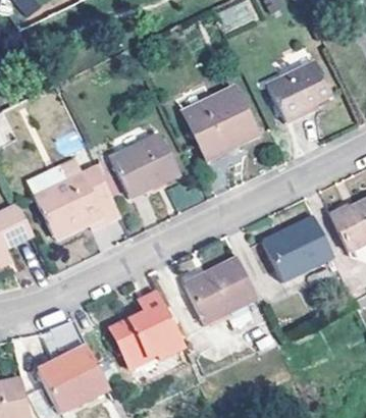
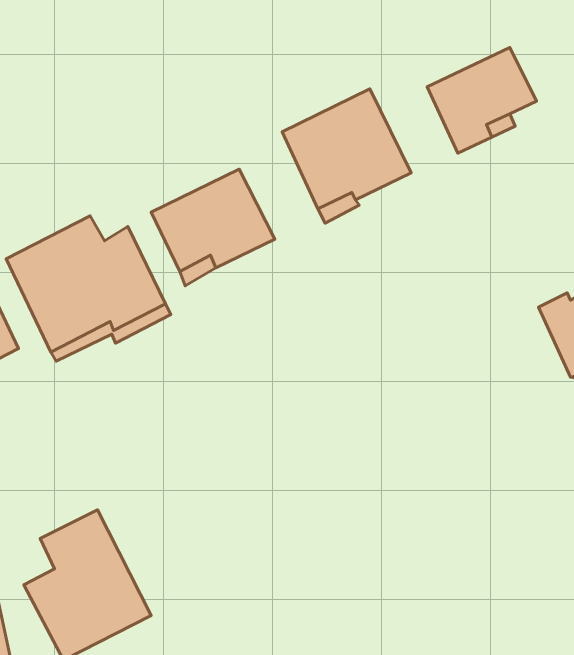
building: [259,214,331,280] -> none
building: [180,256,255,321] -> none
building: [112,290,184,365] -> none

